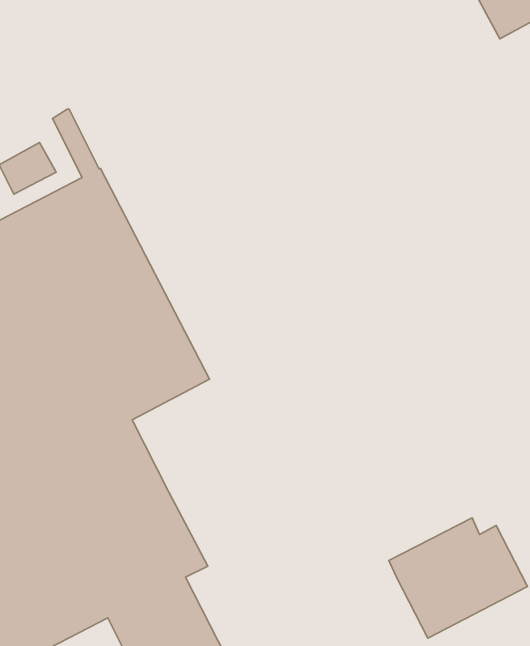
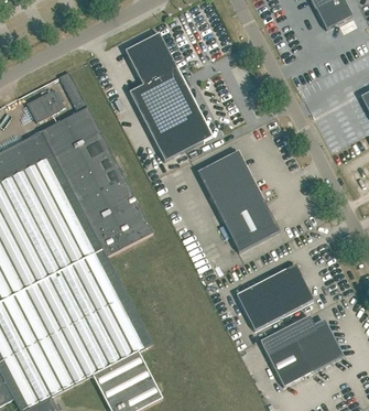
building: none -> [124,32,213,160]
building: none -> [197,159,280,251]
building: none -> [236,263,314,329]

